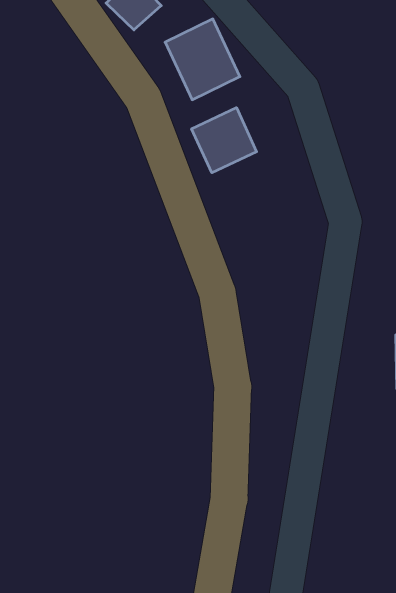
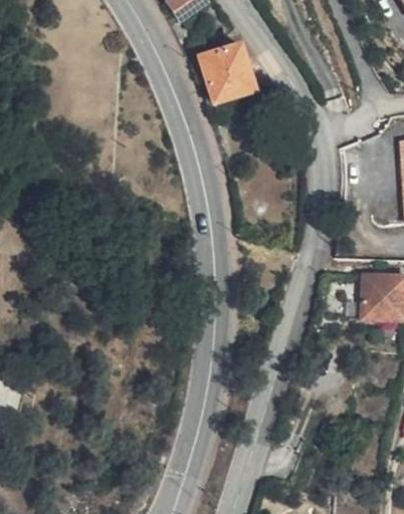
building: [192,108,257,173] -> none

